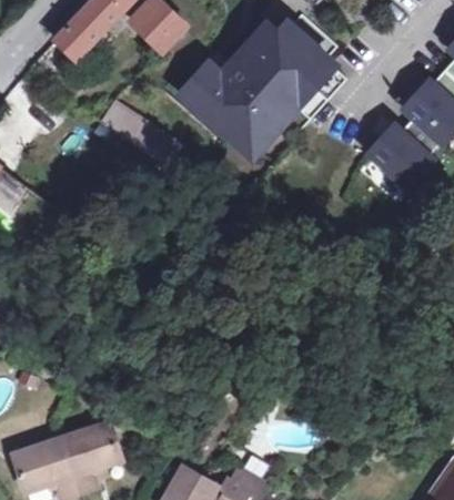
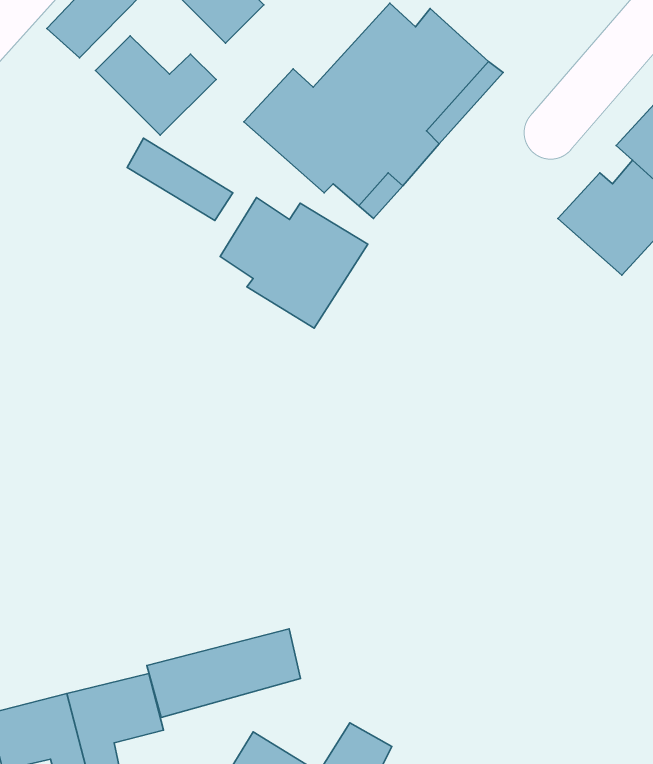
building: none -> [95,36,216,135]
building: none -> [220,198,368,328]
building: none -> [147,629,301,717]

